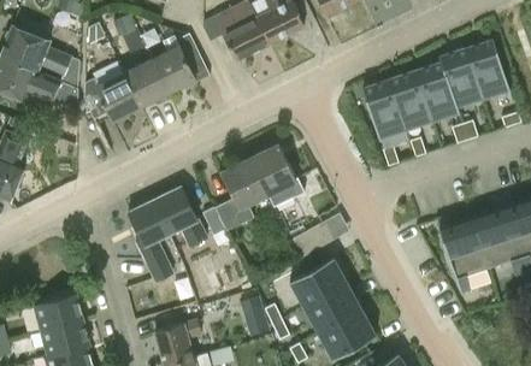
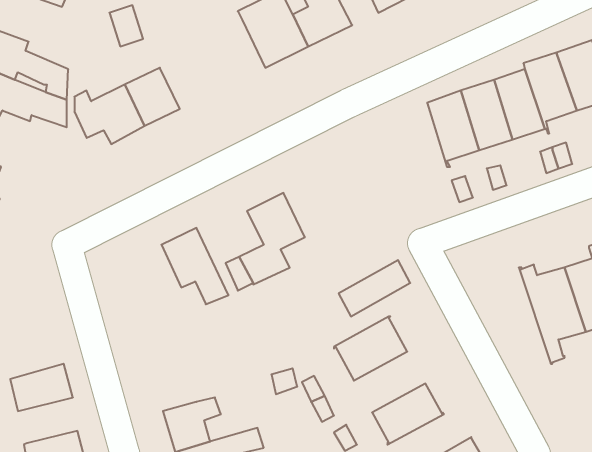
building: [153,36,202,93] -> none
building: [250,144,305,208] -> none
building: [128,200,172,282] -> none
building: [306,284,362,332] -> none
building: [41,320,92,356] -> none

